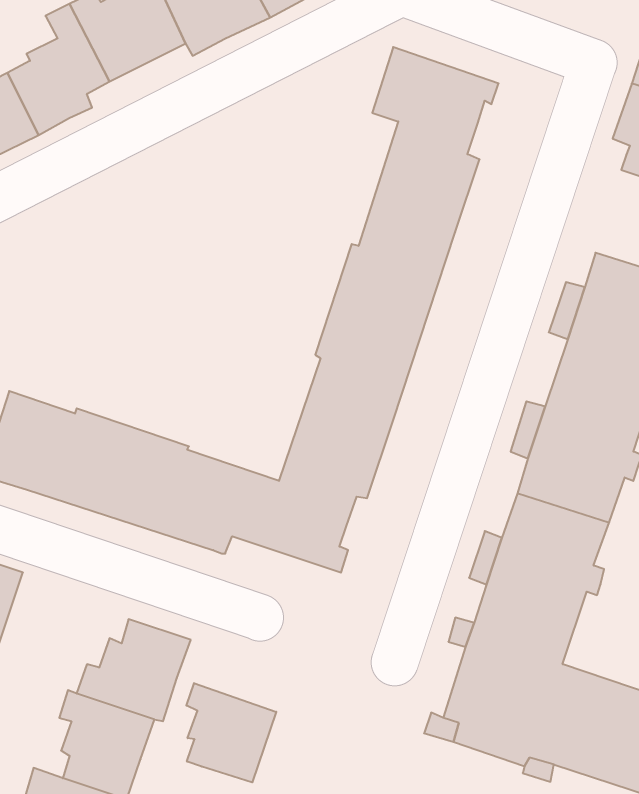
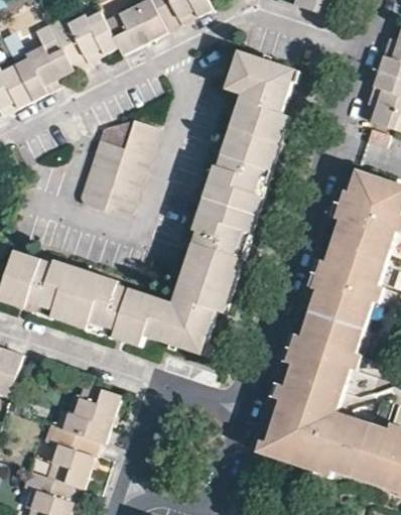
building: none -> [79,120,157,217]
building: [186,683,276,782] -> none

